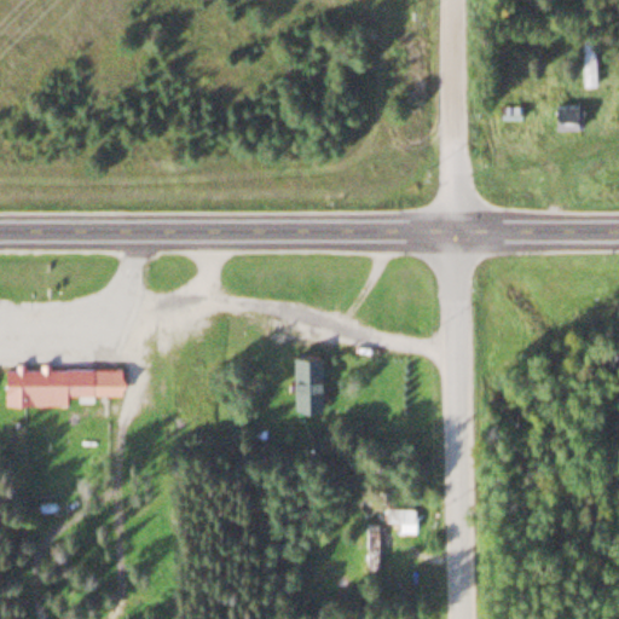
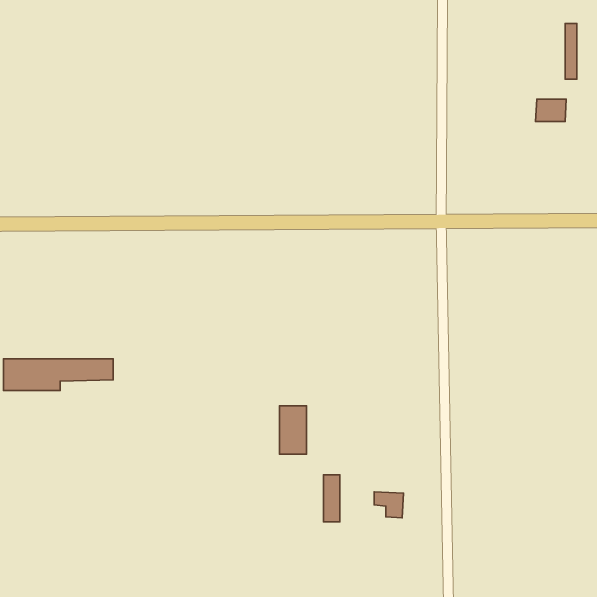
building: [295,359,323,409] -> [279,406,307,454]
building: [369,527,386,575] -> [323,475,340,522]

